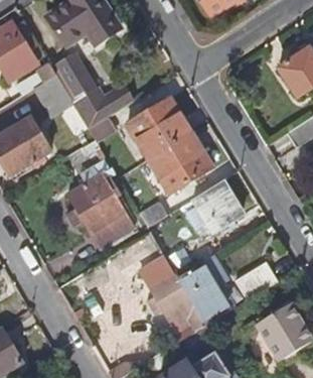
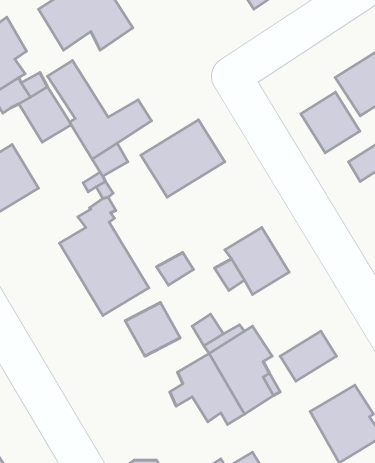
building: none -> [301,92,360,153]
building: [148,131,214,194] -> none

